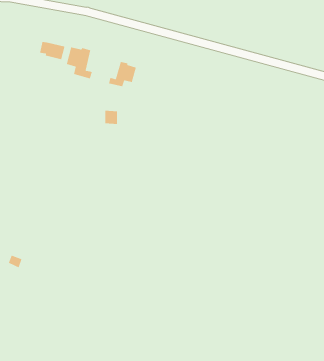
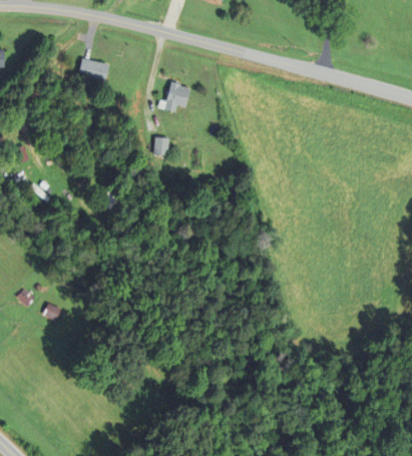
building: [66,46,93,79] -> none

